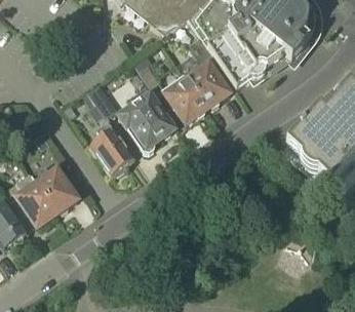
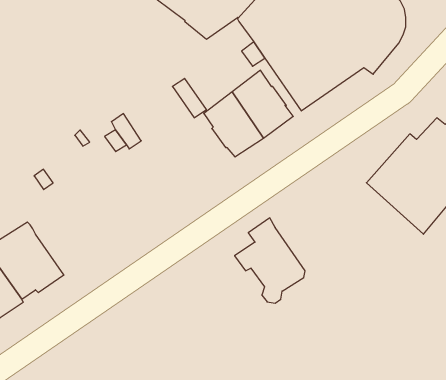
building: [119,86,172,151] -> [235,218,305,303]
building: [89,119,134,176] -> none
building: [31,166,77,212] -> none

